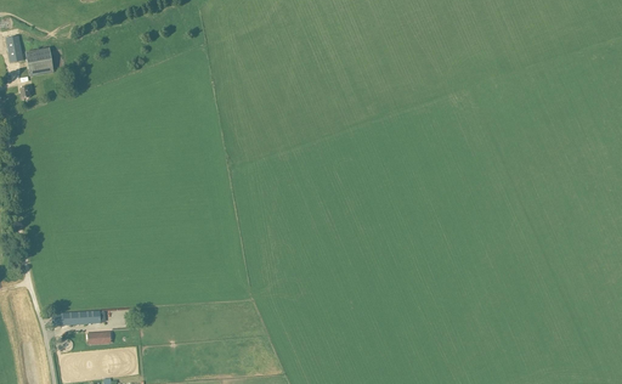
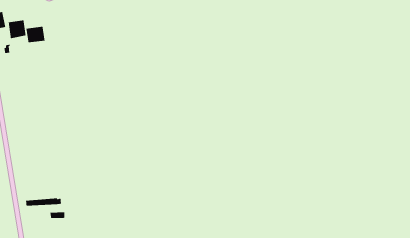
building: none -> [26,26,46,43]

